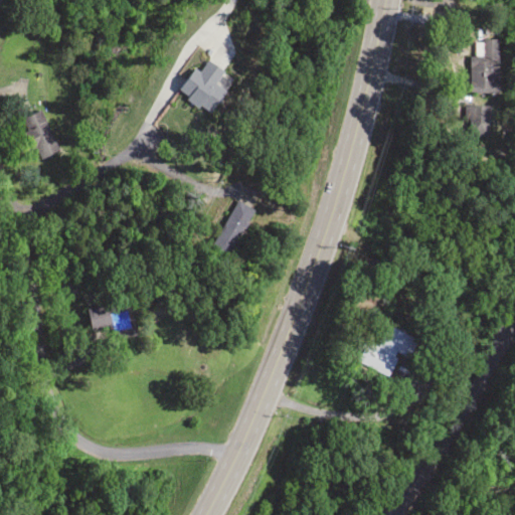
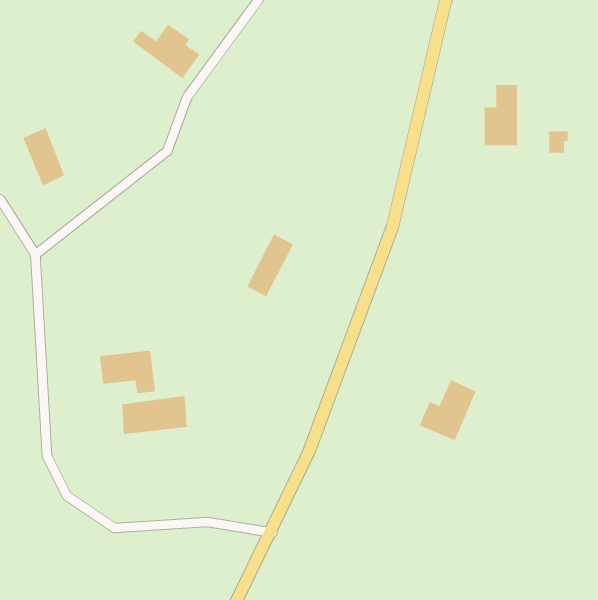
building: [471,40,500,93] -> [484,85,518,146]
building: [168,65,226,113] -> [132,24,201,79]
building: none -> [122,395,188,435]

